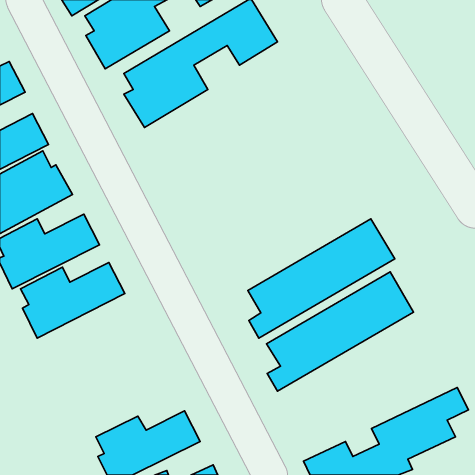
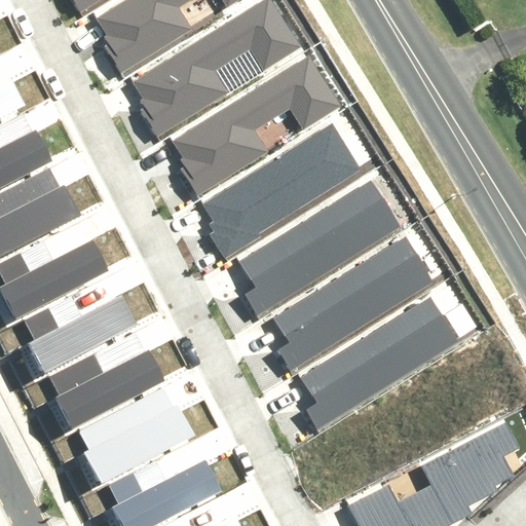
building: none -> [174,60,343,202]
building: none -> [208,134,369,265]
building: none -> [237,190,400,321]
building: none -> [52,343,166,426]
building: none -> [76,386,192,485]

